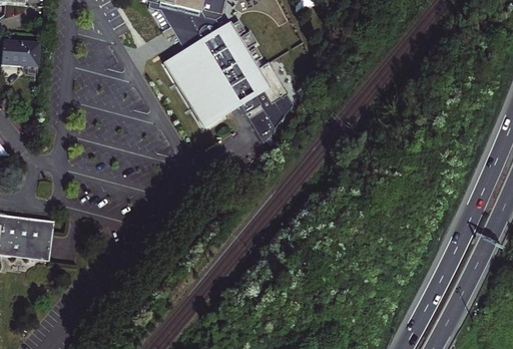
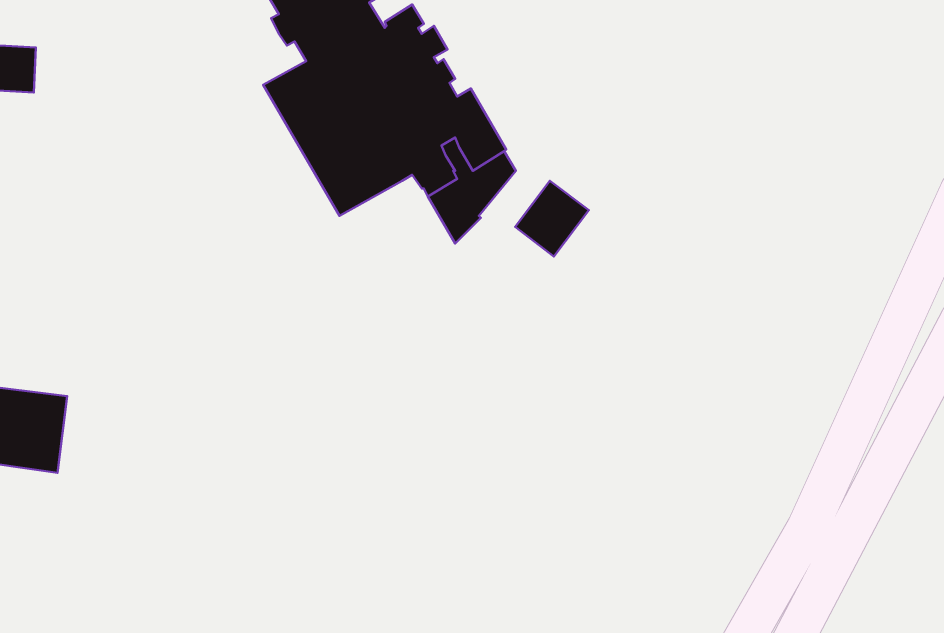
building: none -> [515,181,589,257]

